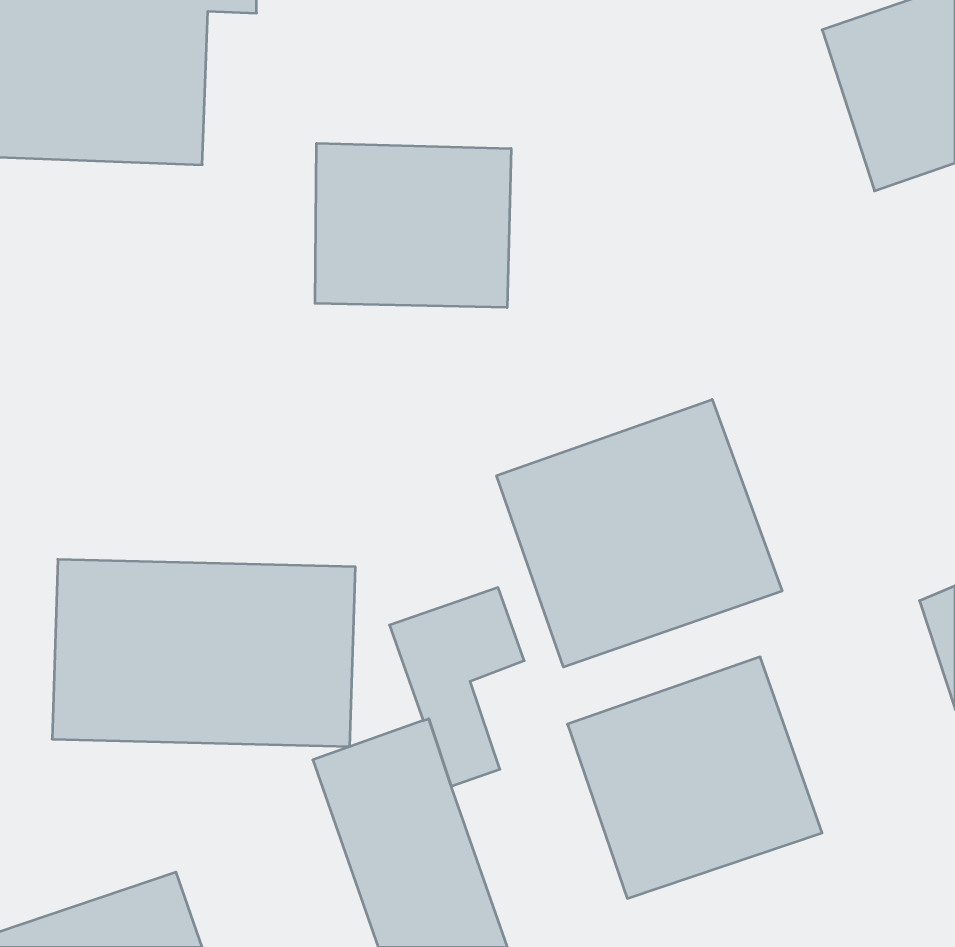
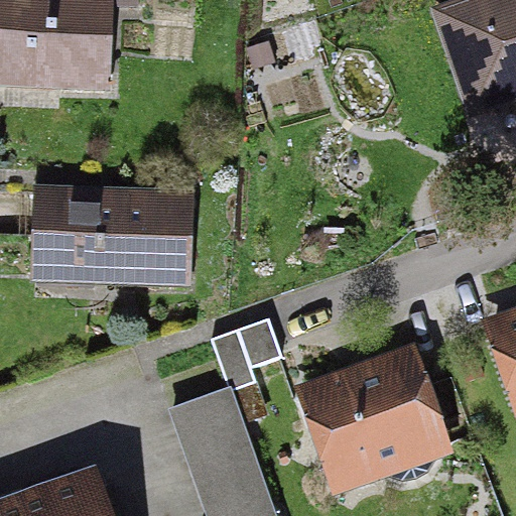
building: [315,143,511,308] -> none
building: [497,399,782,667] -> none
building: [52,559,355,747] -> [29,185,192,286]

